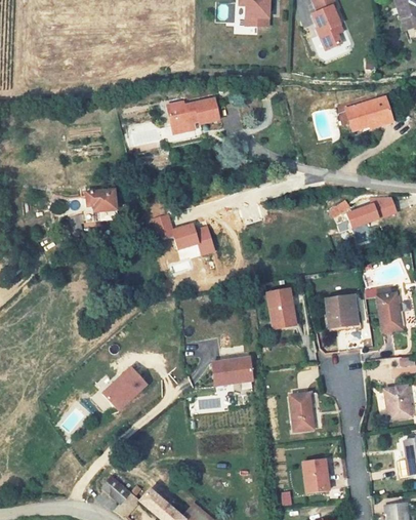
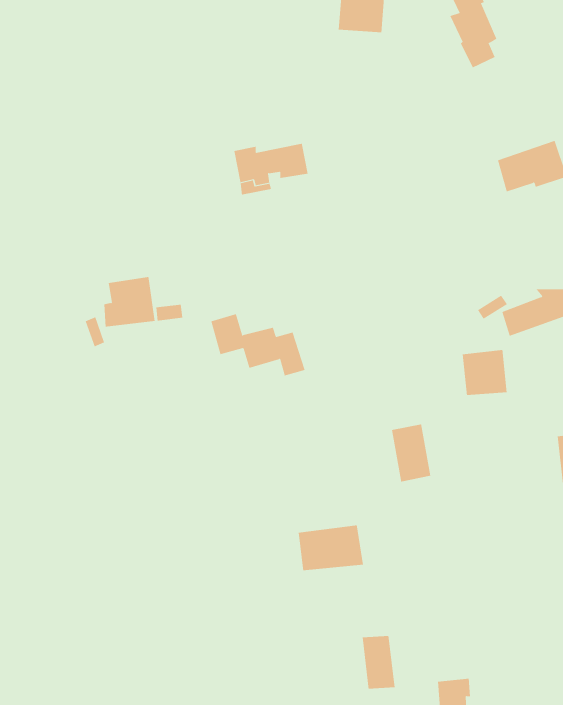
building: [330,294,361,325] -> [462,350,508,396]
building: [101,365,149,412] -> none
building: [290,392,313,428] -> [362,635,395,689]

